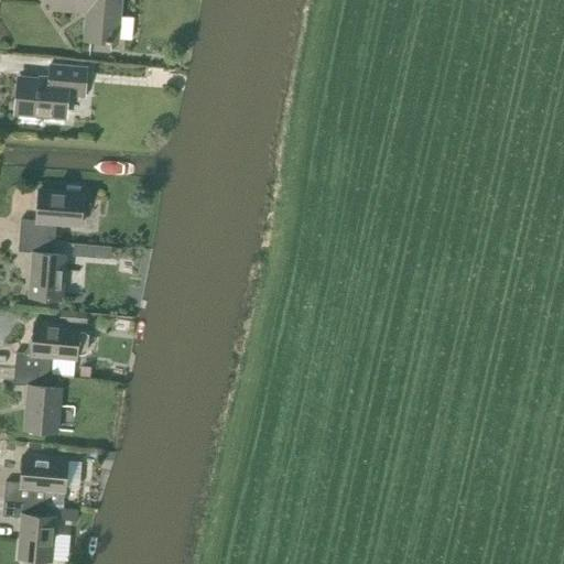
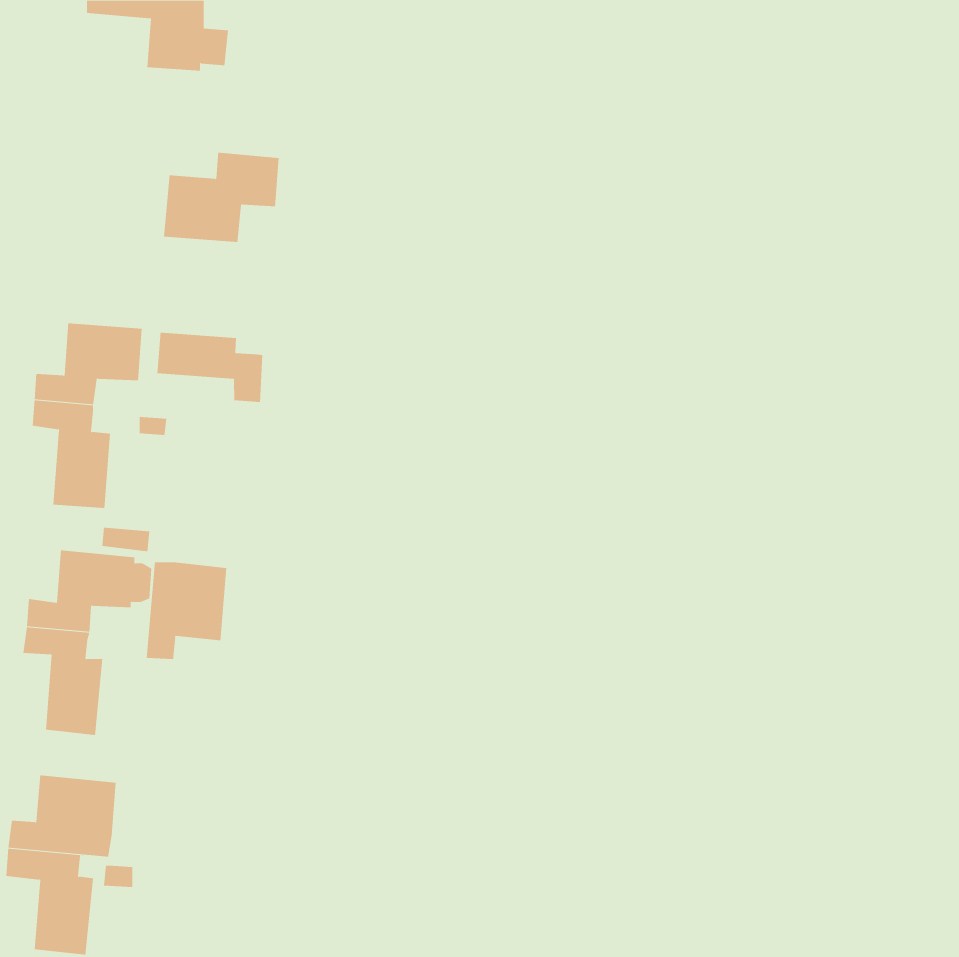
building: [19,65,87,118] -> [163,152,279,242]
building: none -> [157,332,263,403]
building: none -> [146,562,227,660]

